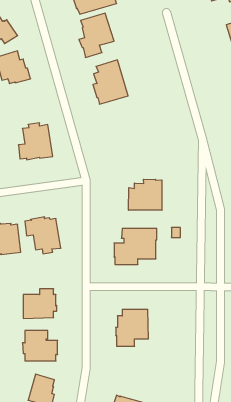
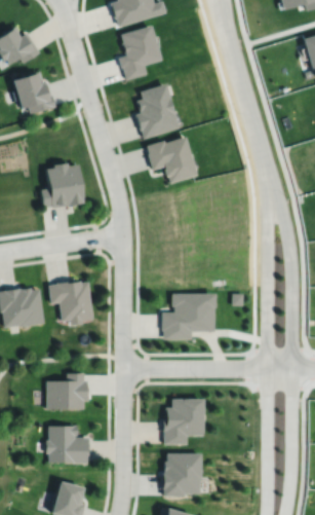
building: none -> [147,137,197,184]
building: [129,179,162,210] -> none
building: none -> [164,451,202,494]

